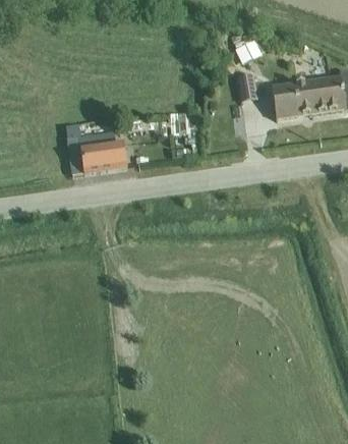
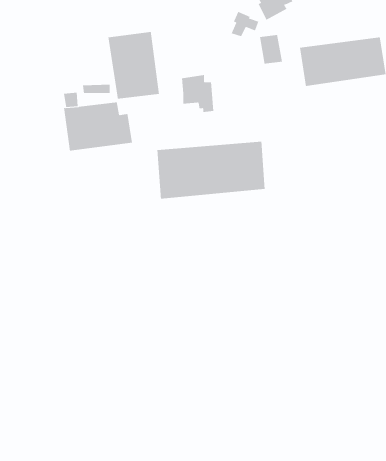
building: none -> [108,31,160,100]
building: none -> [157,141,265,199]

